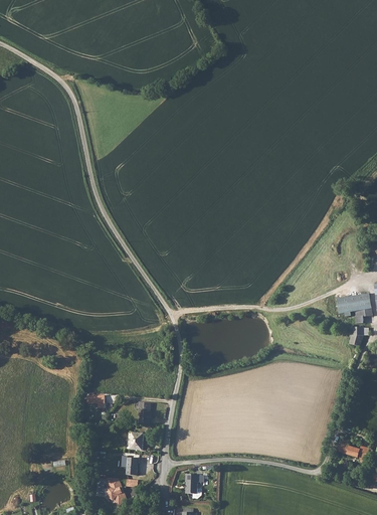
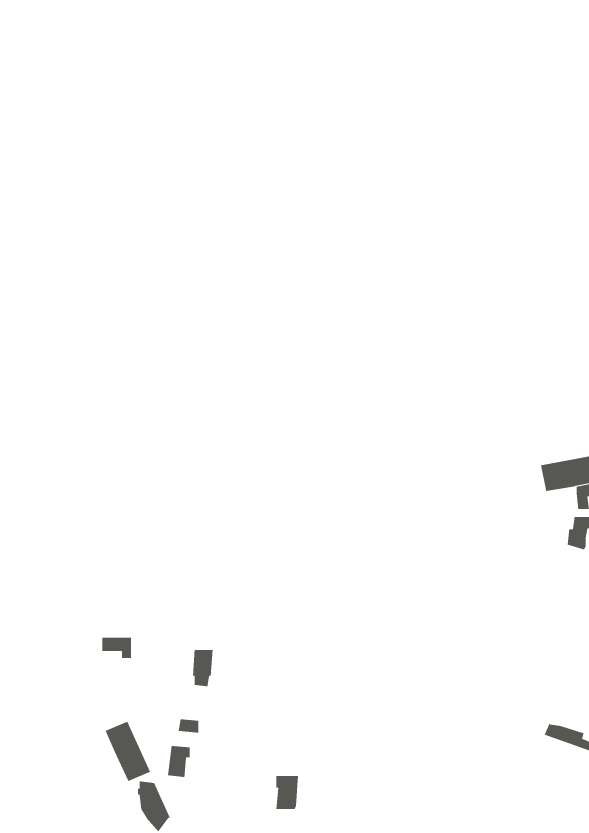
building: none -> [105,721,151,782]

